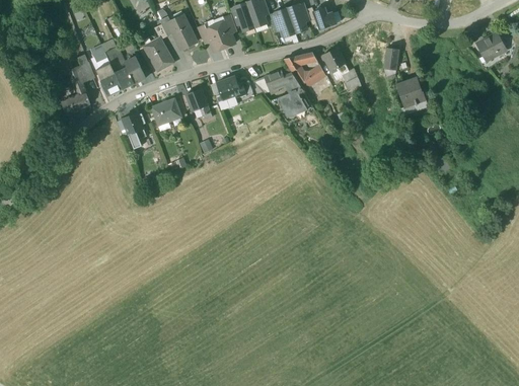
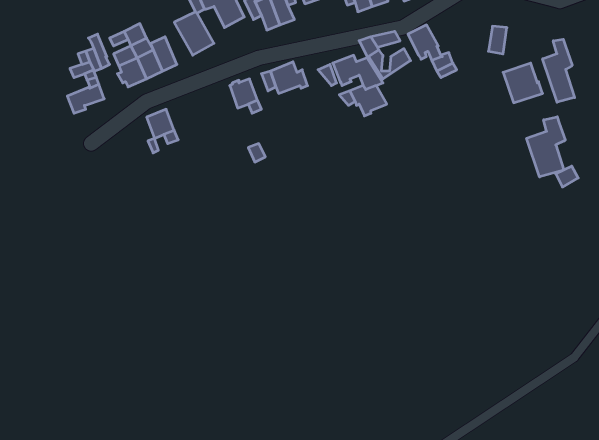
building: none -> [543,39,575,102]
building: [152,98,180,125] -> none
building: none -> [527,117,565,177]

